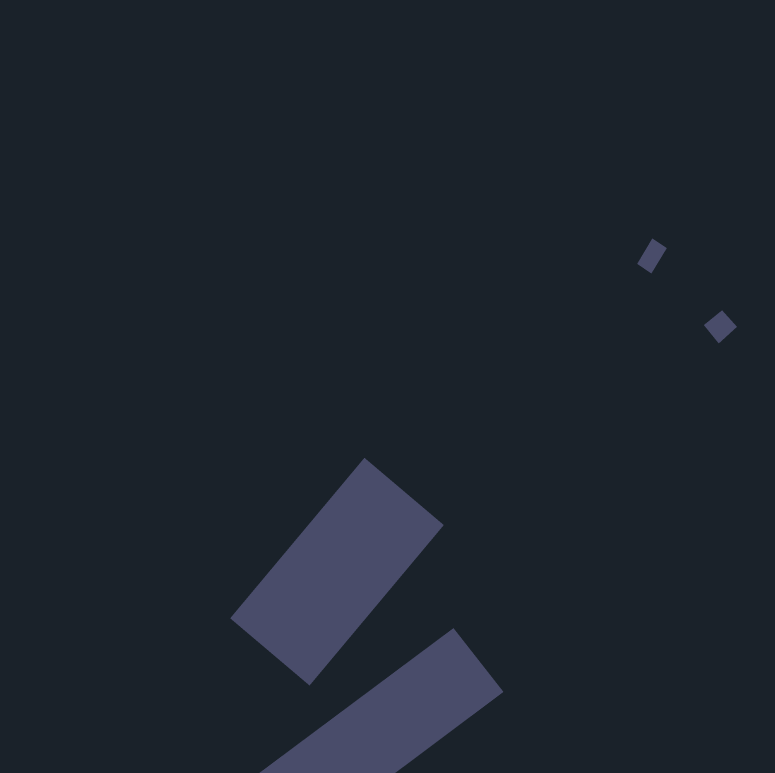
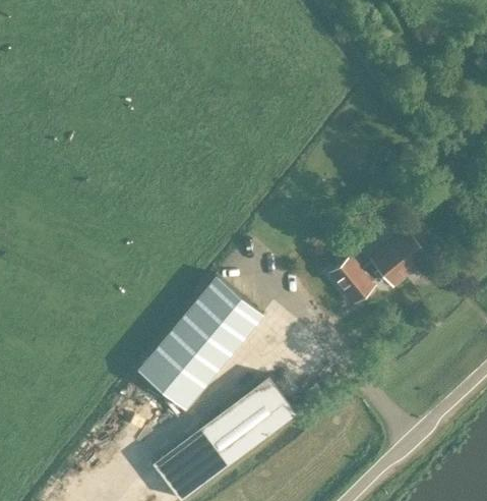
building: none -> [330,231,428,304]

